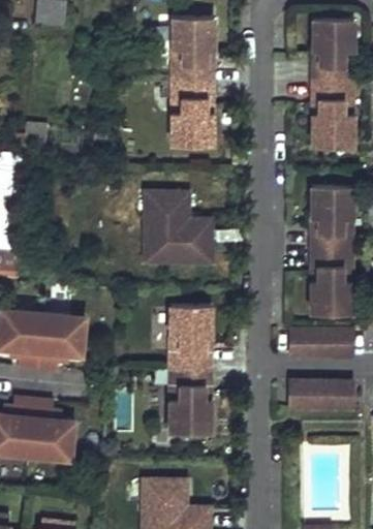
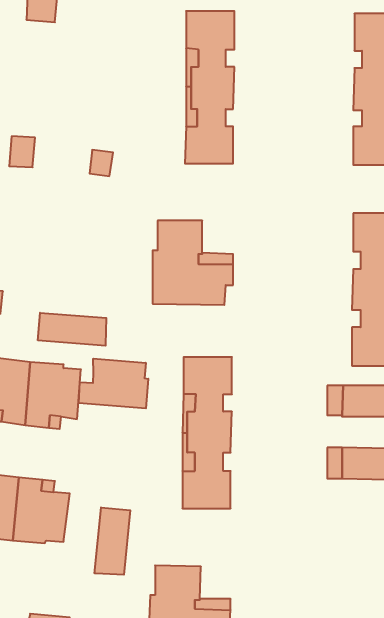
building: none -> [38,313,106,346]
building: none -> [79,359,148,408]
building: none -> [95,507,130,575]

